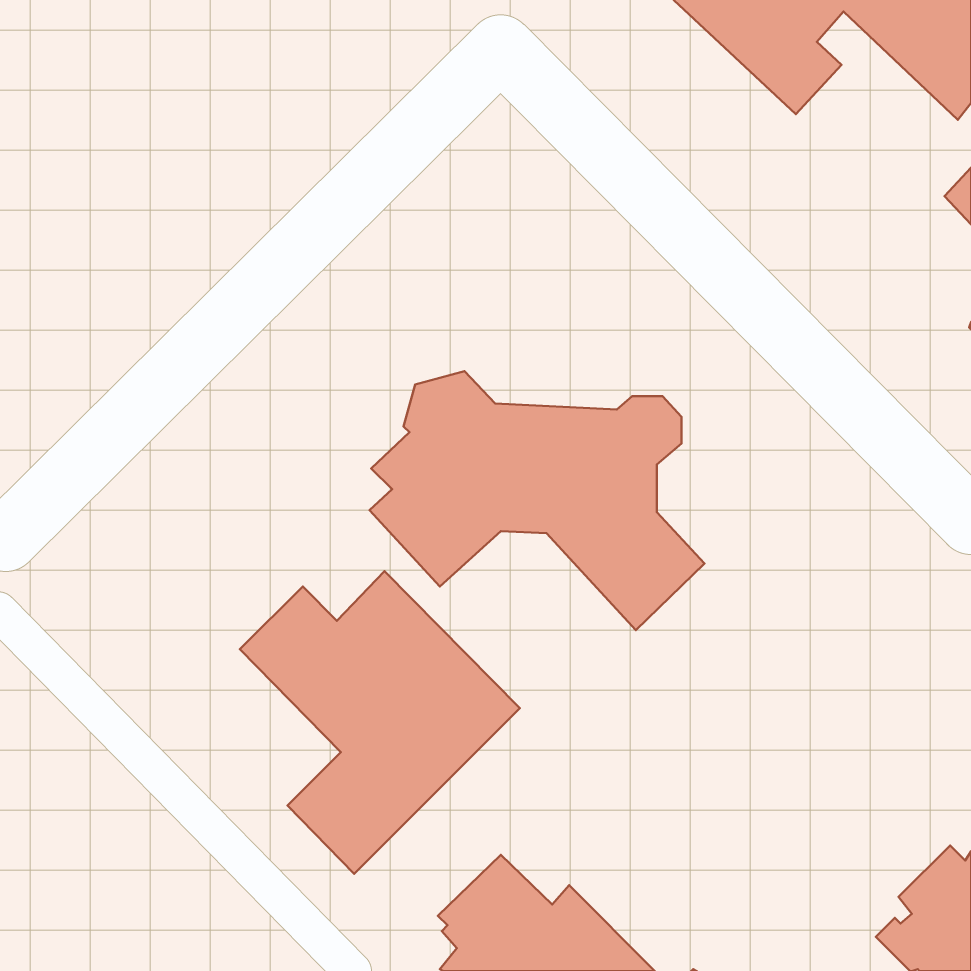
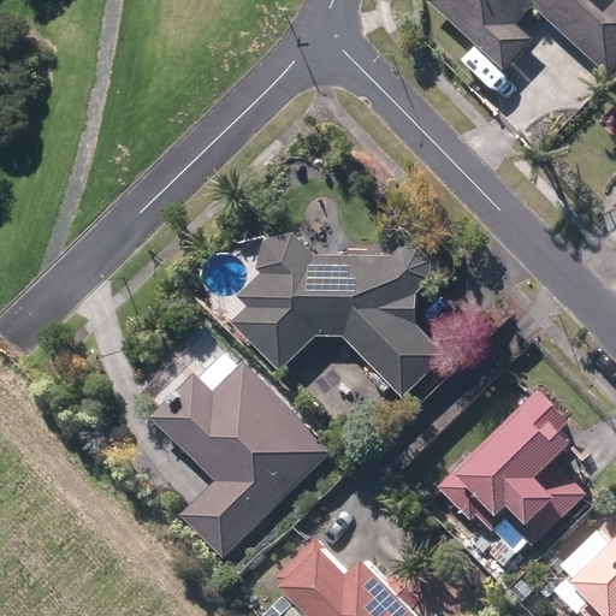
building: none -> [438,390,586,546]

